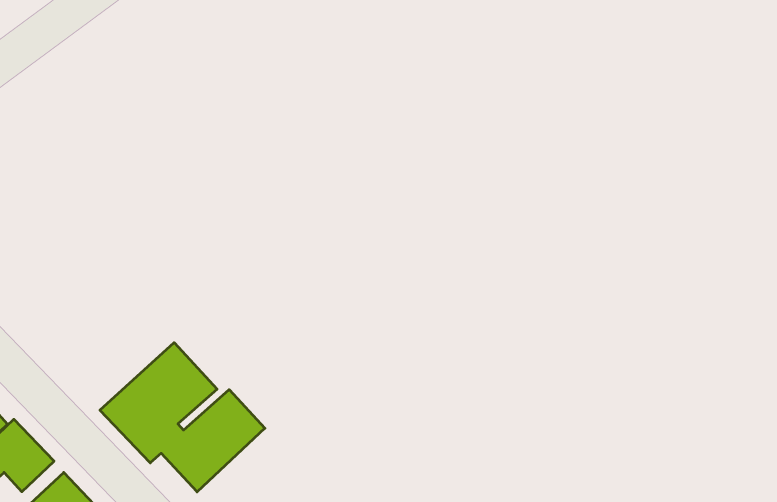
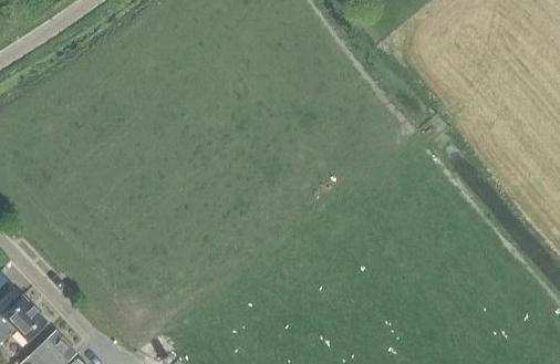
building: [100,343,265,492] -> none

